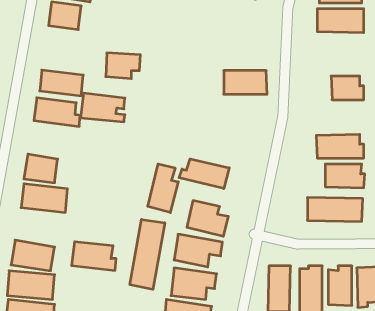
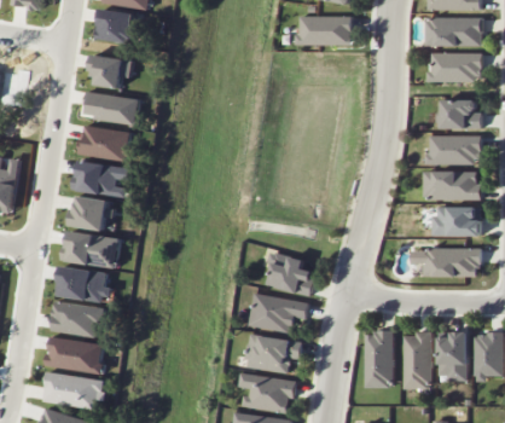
building: none -> [429,52,481,82]
building: [106,53,140,79] -> [91,56,133,87]
building: [224,71,267,94] -> [300,16,353,45]
building: [80,93,125,122] -> [74,161,128,196]
building: none -> [426,134,481,164]
building: [179,159,229,189] -> none
building: [148,164,178,213] -> none
building: [130,219,165,289] -> none
building: [72,242,116,270] -> [57,266,111,301]

